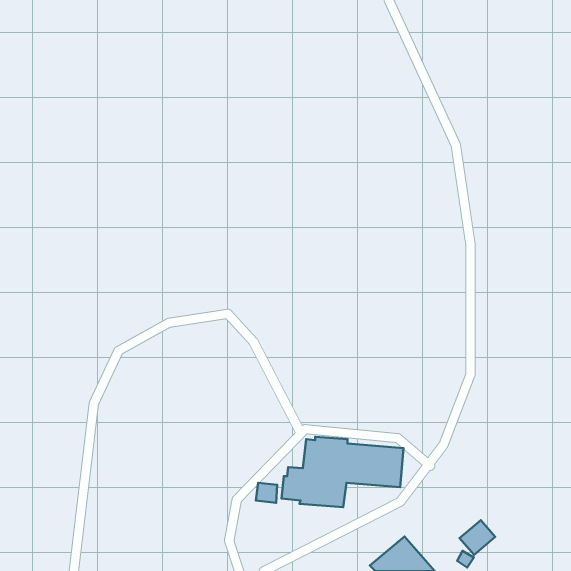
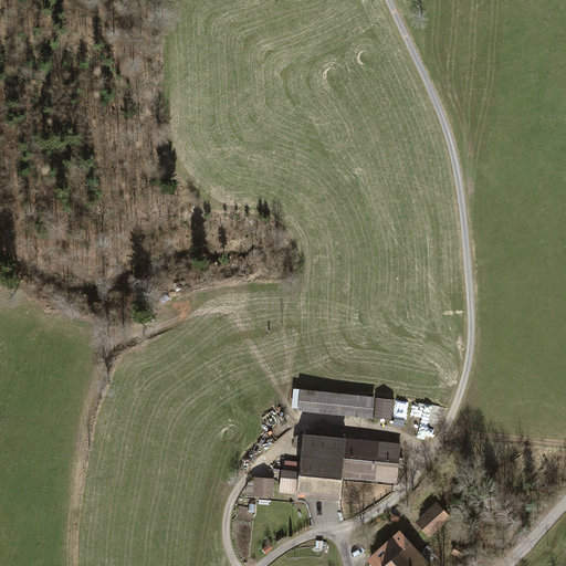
building: none -> [292,390,386,419]
building: [460,520,495,555] -> [415,503,450,537]

